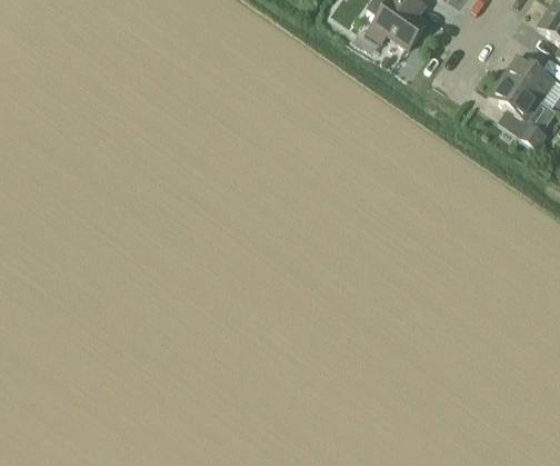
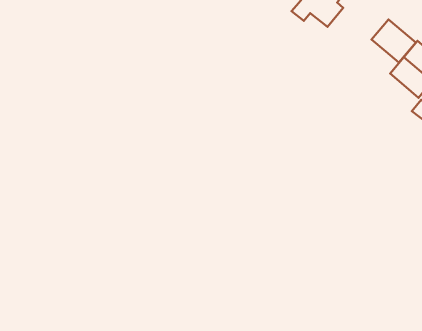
building: none -> [371,20,416,63]

